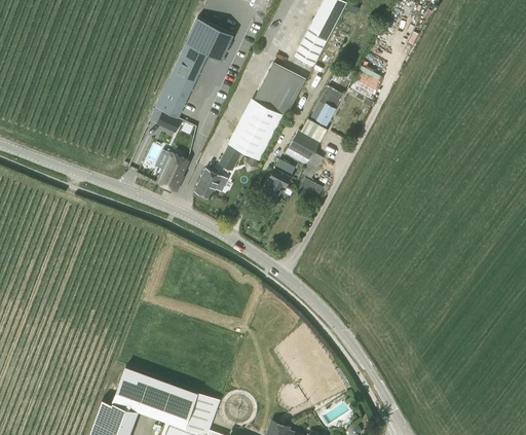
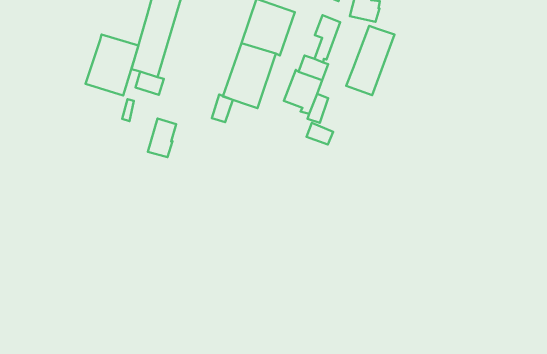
building: none -> [86,34,138,95]
building: none -> [346,26,395,95]
building: [262,160,295,196] -> none
building: [195,169,227,198] -> none

